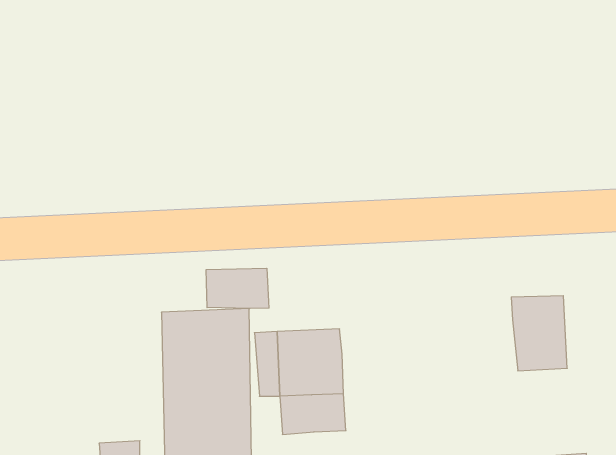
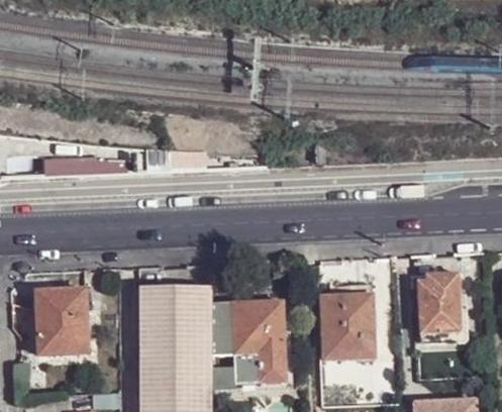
building: [206,268,269,309] -> none
building: none -> [33,288,85,353]
building: none -> [322,295,374,358]

